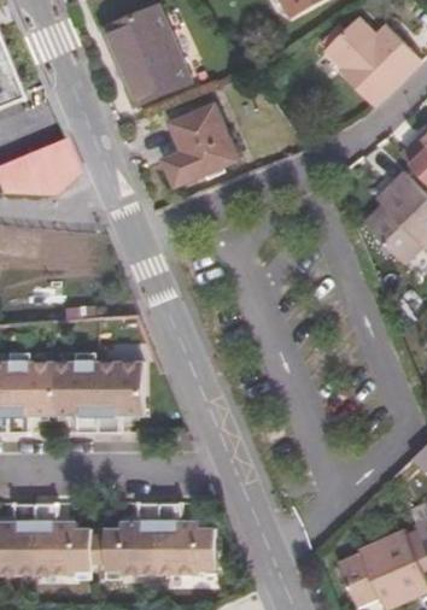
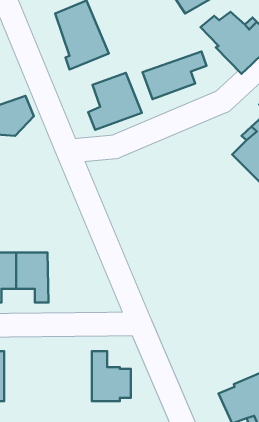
building: none -> [143,52,207,99]
building: [99,359,144,432] -> none
building: [37,500,93,571] -> none
building: [106,500,162,571] -> none

